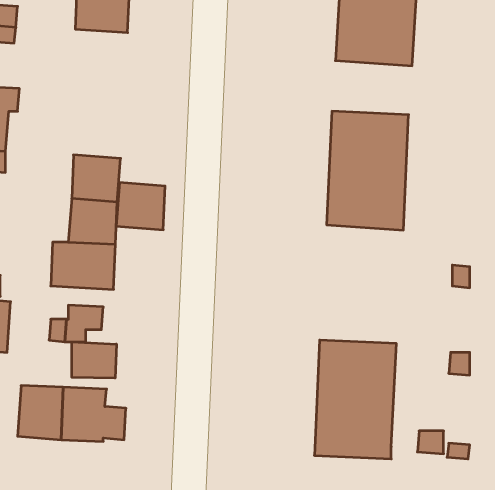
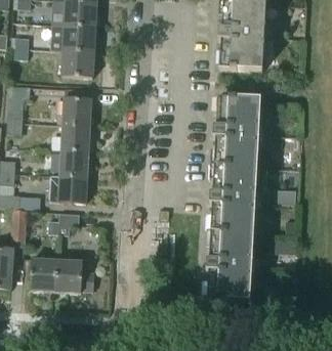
building: none -> [63,50,94,78]
building: [116,183,165,230] -> [63,98,91,126]
building: none -> [207,165,256,234]
building: [72,342,116,378] -> none

